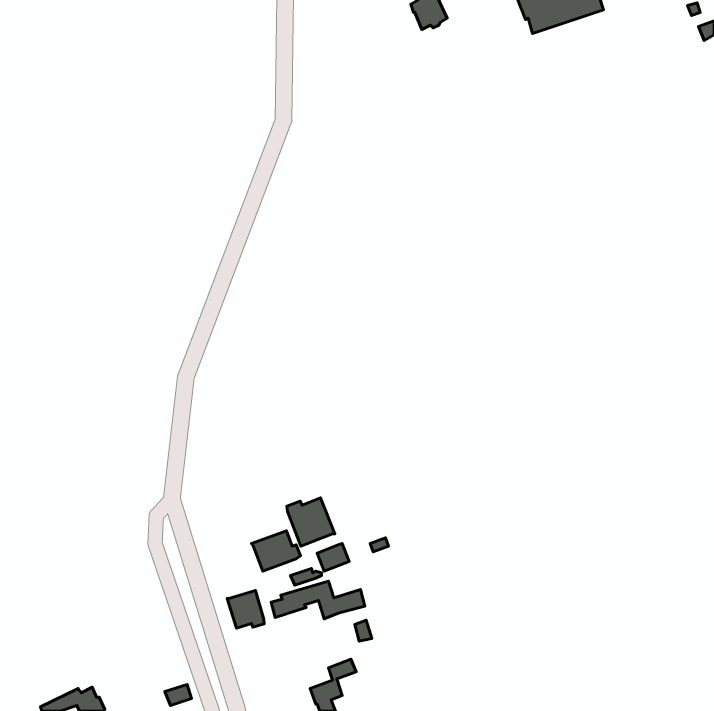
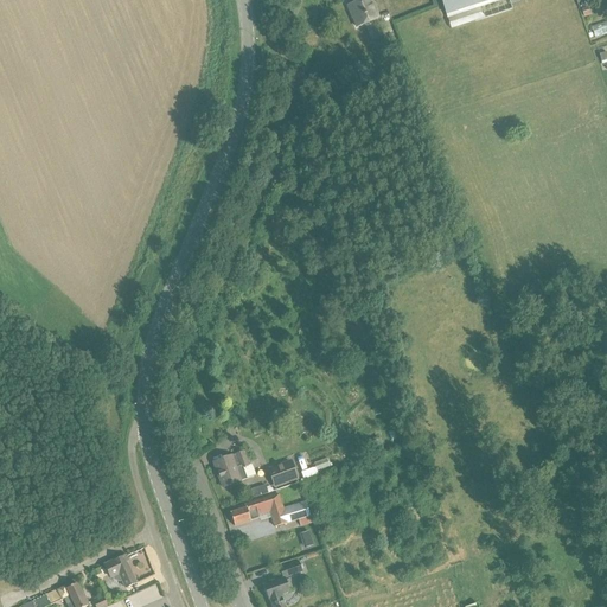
building: [287,498,335,546] -> none
building: [227,591,264,628] -> none
building: none -> [103,552,136,587]

